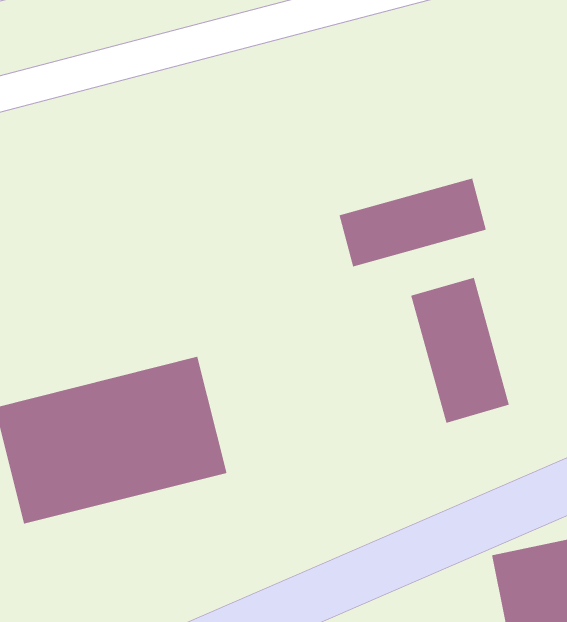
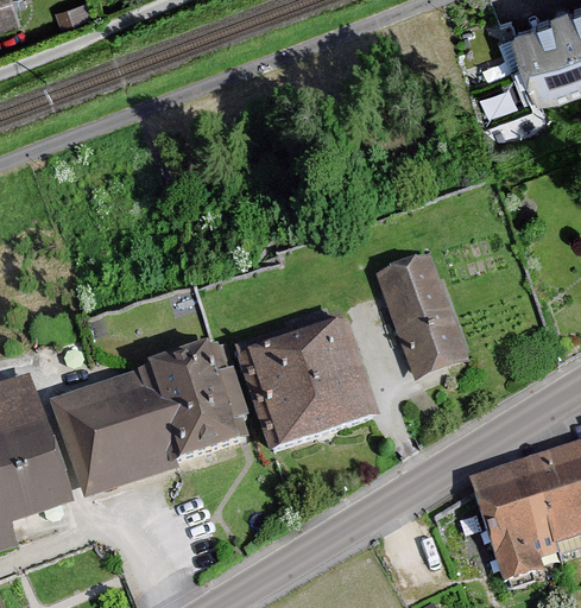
building: [338,178,487,268] -> none
building: none -> [239,319,371,448]

